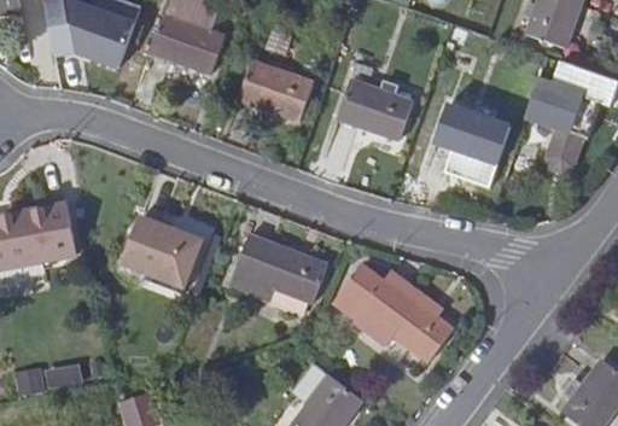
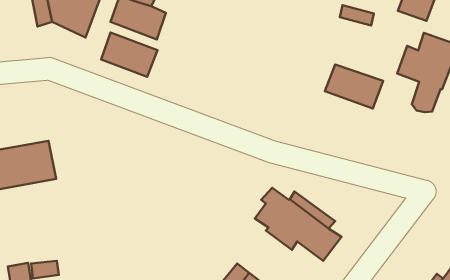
building: [238,63,311,121] -> [101,33,157,77]
building: [333,81,408,138] -> none
building: [122,217,197,278] -> none
building: [229,235,323,302] -> none

